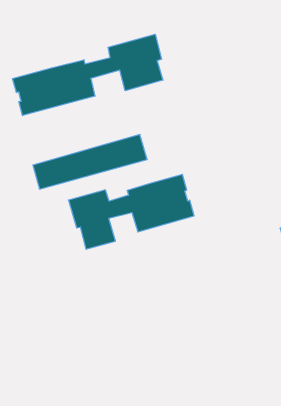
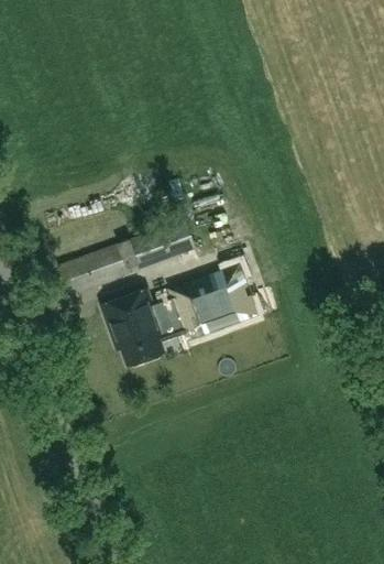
building: [13,34,163,116] -> none

